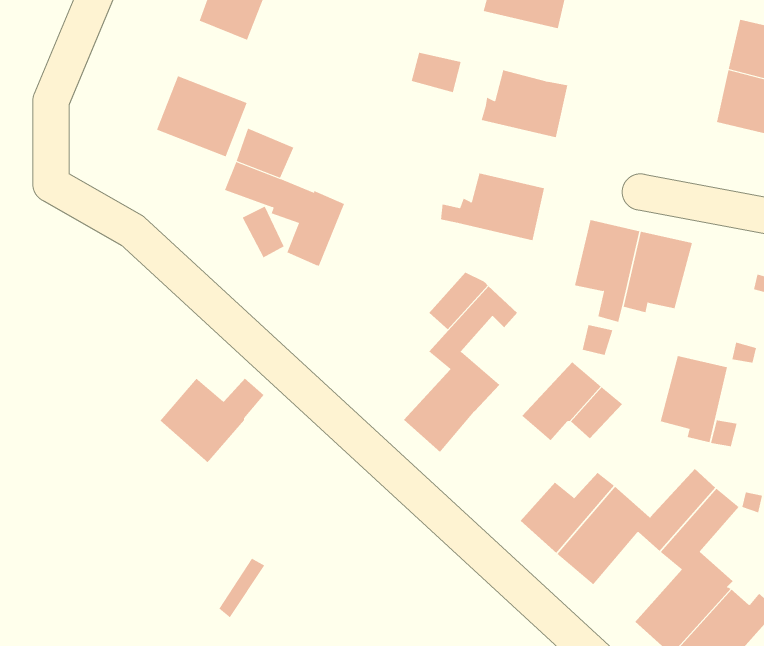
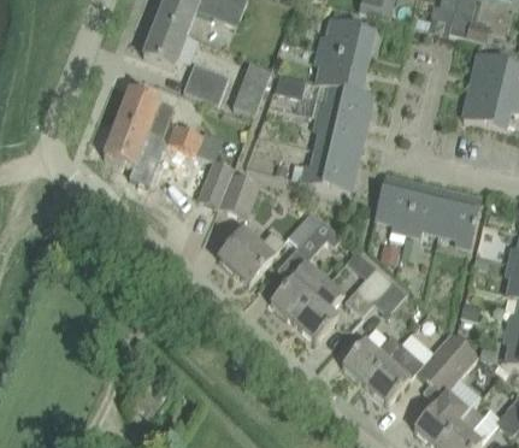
building: none -> [315,48,366,92]
building: none -> [231,61,270,114]
building: none -> [183,63,229,104]
building: none -> [300,111,365,158]
building: none -> [104,122,160,172]
building: none -> [218,167,260,217]
building: [660,355,728,443] -> [438,191,480,246]
building: [159,378,264,463] -> [219,230,284,283]
building: none -> [293,279,344,341]

